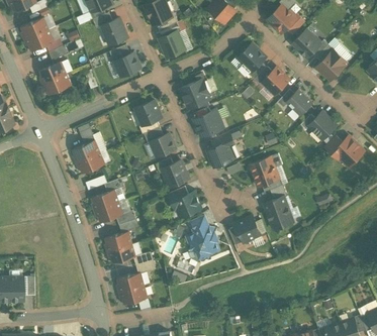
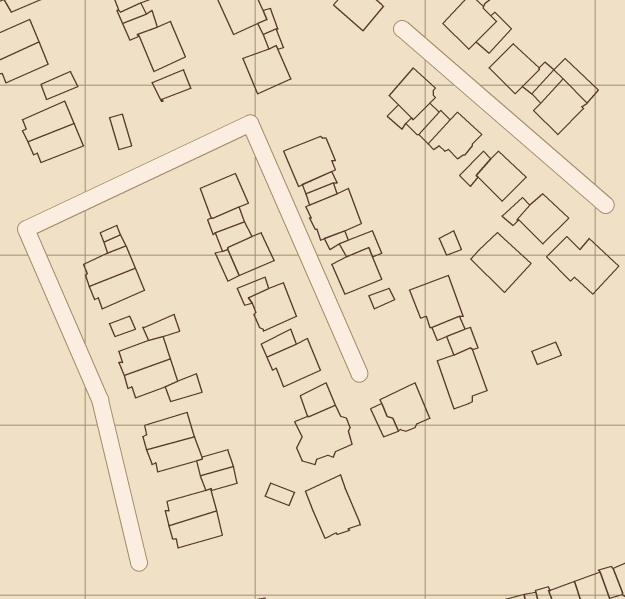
building: [114,52,140,77] -> none
building: none -> [471,233,531,292]
building: none -> [306,475,360,538]

